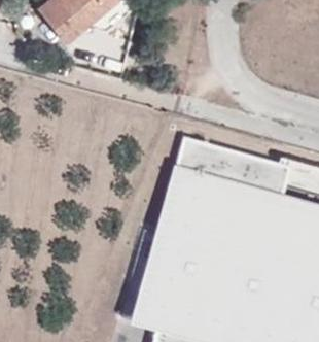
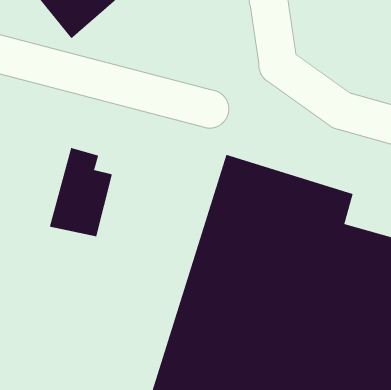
building: none -> [49,147,113,237]

